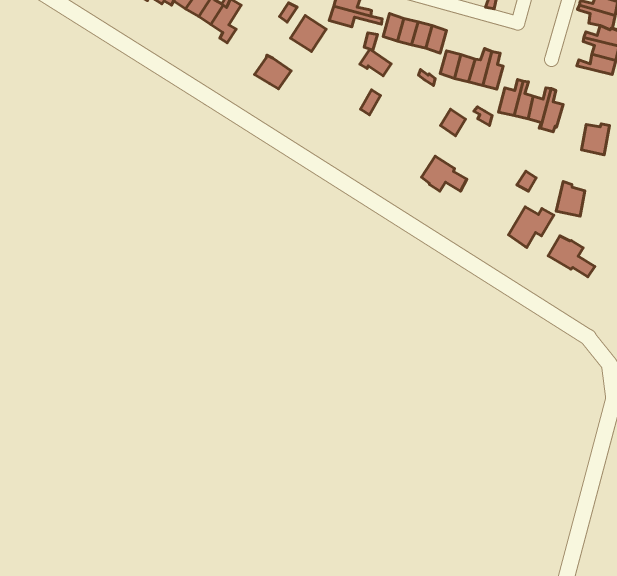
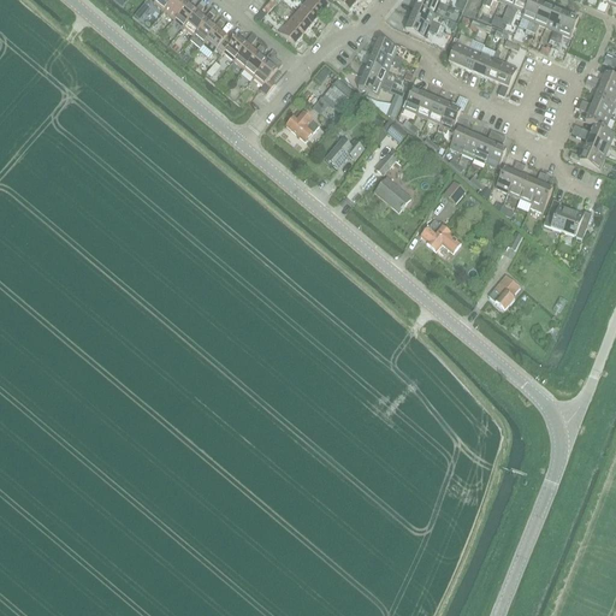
building: none -> [325,136,363,166]
building: none -> [374,174,409,208]
building: [556,182,585,216] -> [544,196,571,229]
building: [548,236,595,277] -> none

